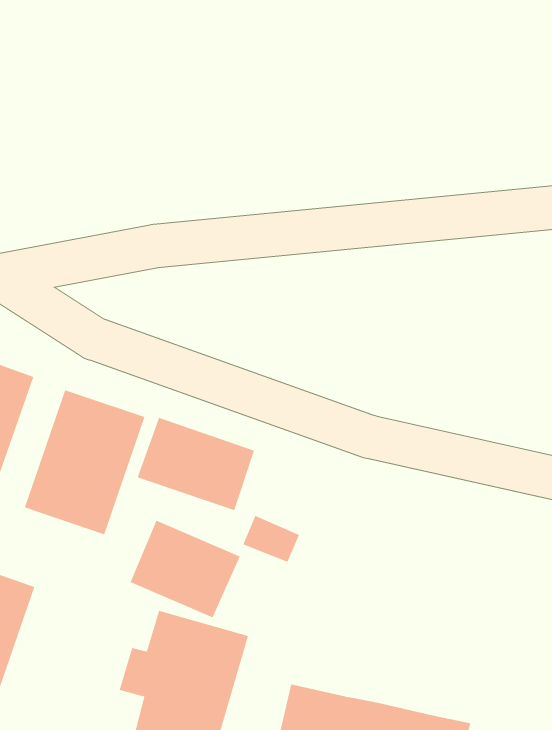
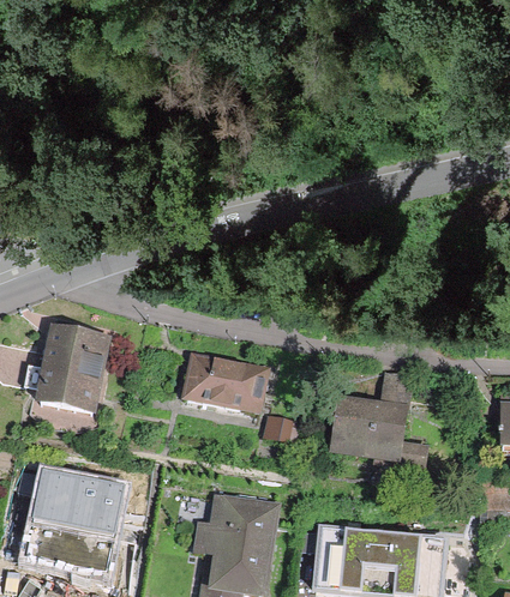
building: [24,389,145,535] -> none
building: none -> [332,396,428,464]
building: [130,520,241,618] -> none

